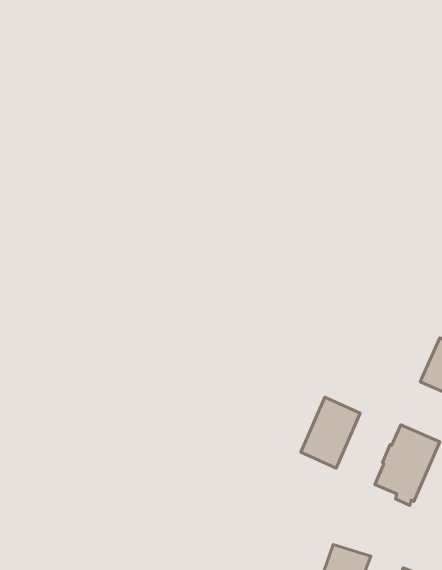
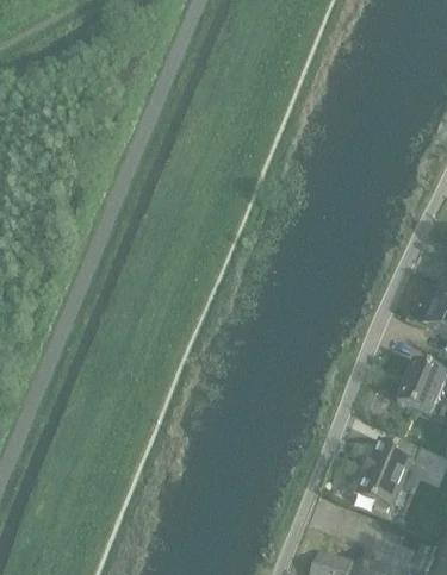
building: [301,397,360,468] -> none

